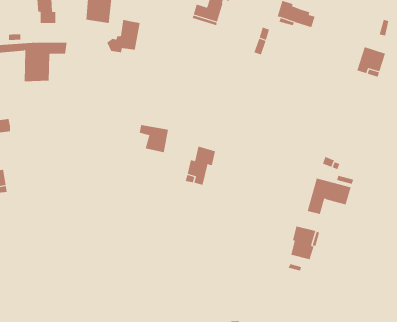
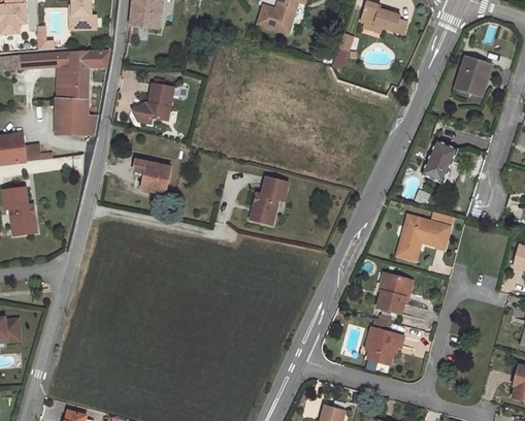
building: [106,19,141,53] -> [132,84,173,124]
building: none -> [55,98,98,135]
building: none -> [421,139,457,183]
building: [139,124,169,153] -> [134,160,170,194]
building: none -> [367,327,403,364]

